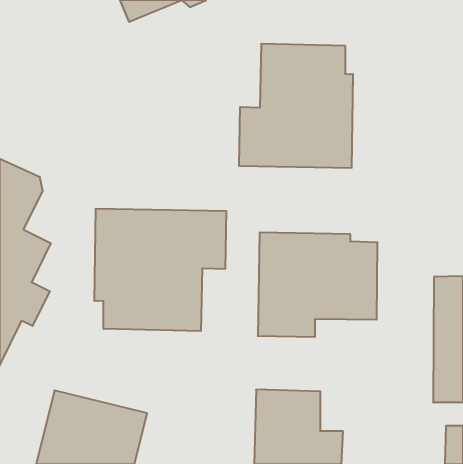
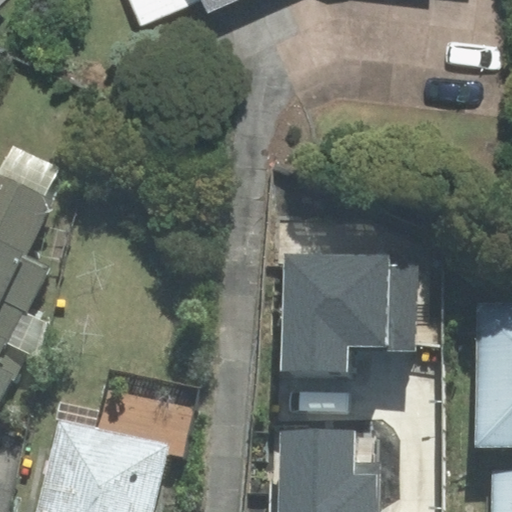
building: [239,44,353,168] -> none
building: [94,209,226,331] -> none

